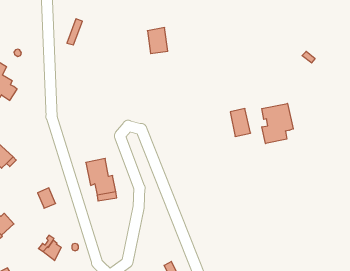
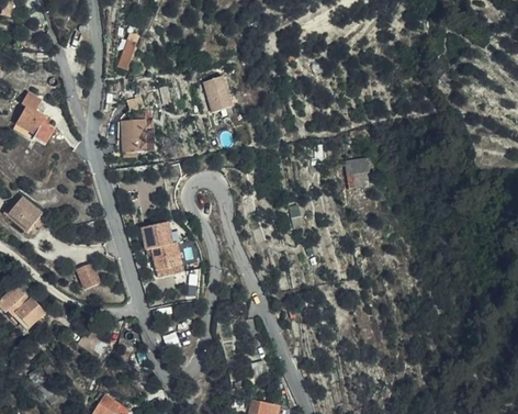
building: [147,28,168,54] -> [199,80,226,115]
building: none -> [123,122,151,154]
building: [262,103,293,144] -> none

